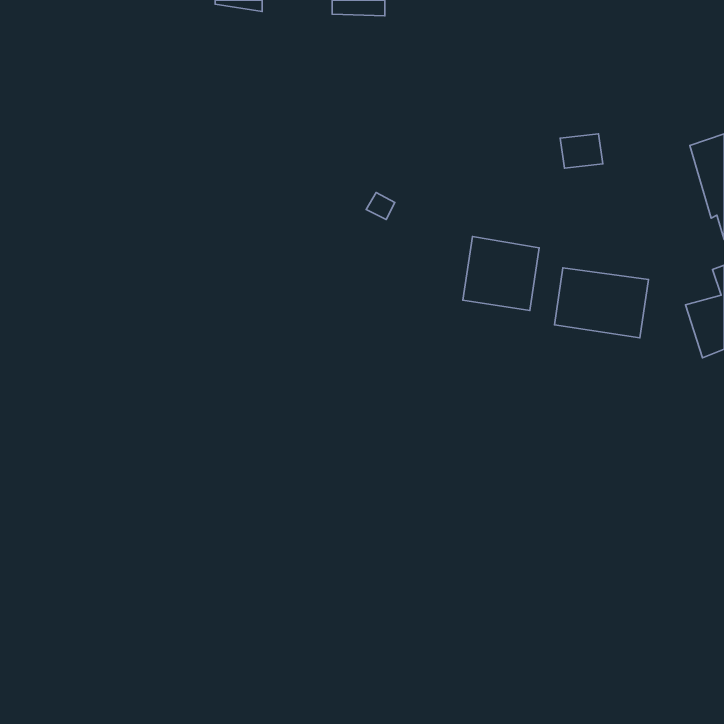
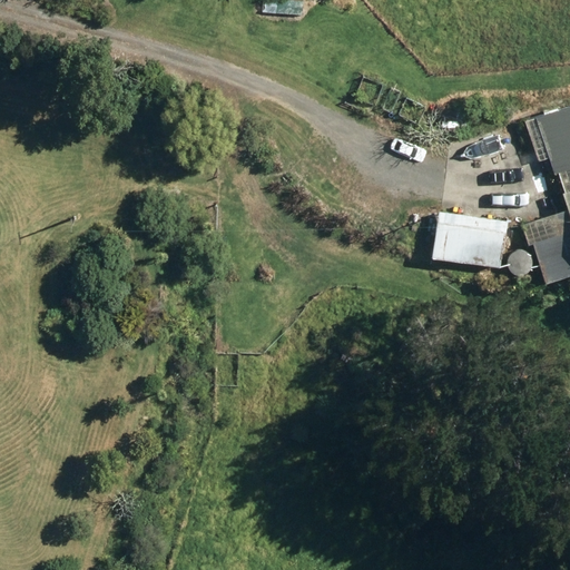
building: [463,236,539,310] -> none

